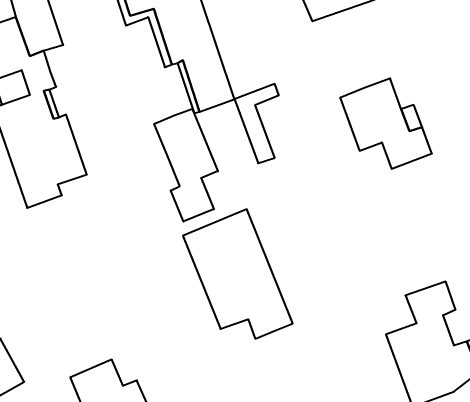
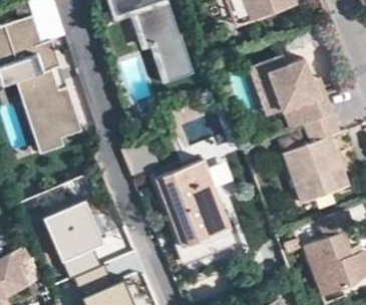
building: [234,84,279,163] -> [253,59,285,116]
building: [154,109,218,222] -> none
building: none -> [284,114,350,207]
building: none -> [43,199,101,276]

